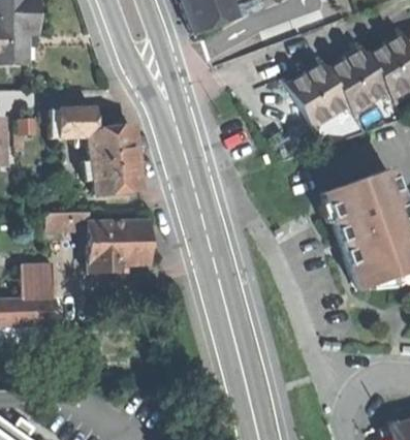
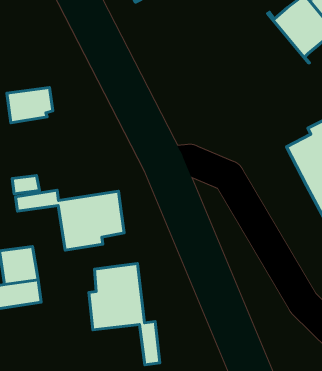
building: [283,57,357,134] -> none
building: [89,127,144,194] -> none
building: none -> [89,263,160,365]

